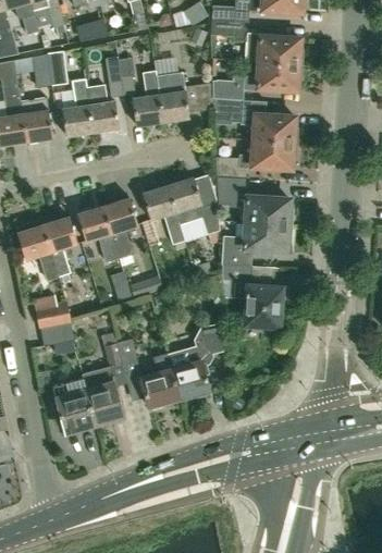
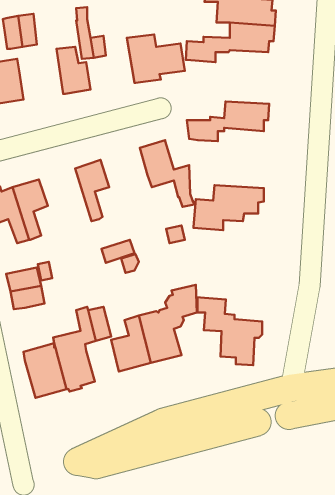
building: [132,71,163,125] -> none
building: [62,79,93,136] -> none
building: [214,98,298,142] -> none
building: [218,176,293,225] -> none
building: [143,185,185,244] -> none
building: [77,206,121,262] -> none
building: [222,265,287,332] -> [196,297,262,365]

